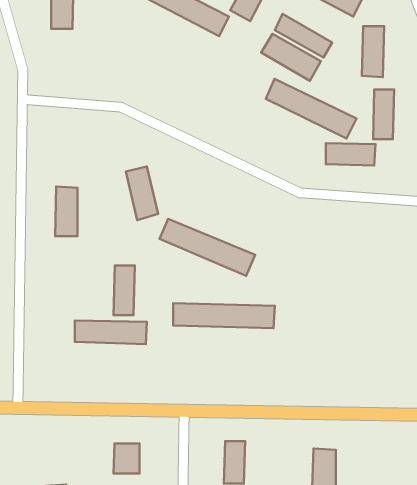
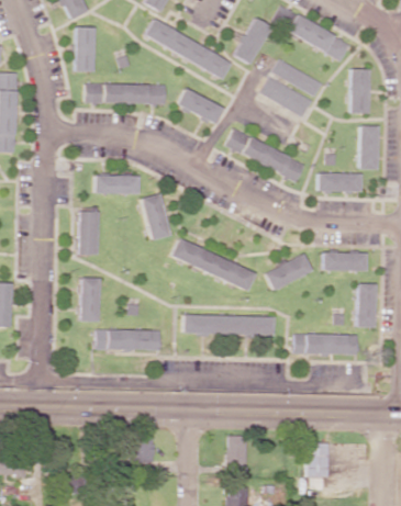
building: none -> [87,83,166,104]
building: none -> [177,89,224,124]
building: [266,79,356,138] -> [226,128,307,181]
building: none -> [96,175,138,194]
building: none -> [323,252,367,271]
building: none -> [265,254,312,291]
building: [114,266,135,315] -> [81,278,100,322]
building: none -> [357,283,376,327]
building: none -> [296,334,358,355]

